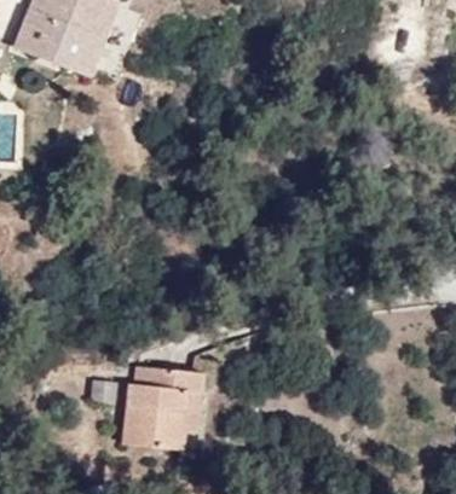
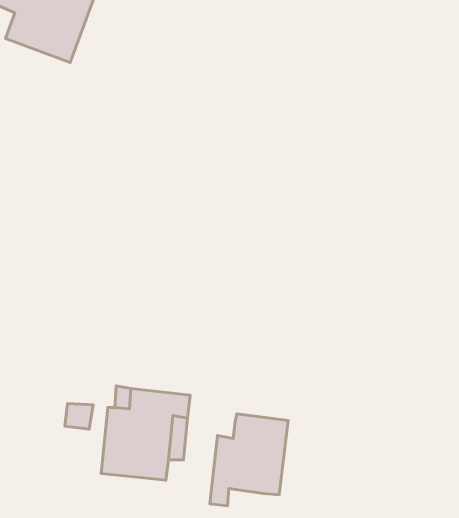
building: none -> [210,414,288,506]

